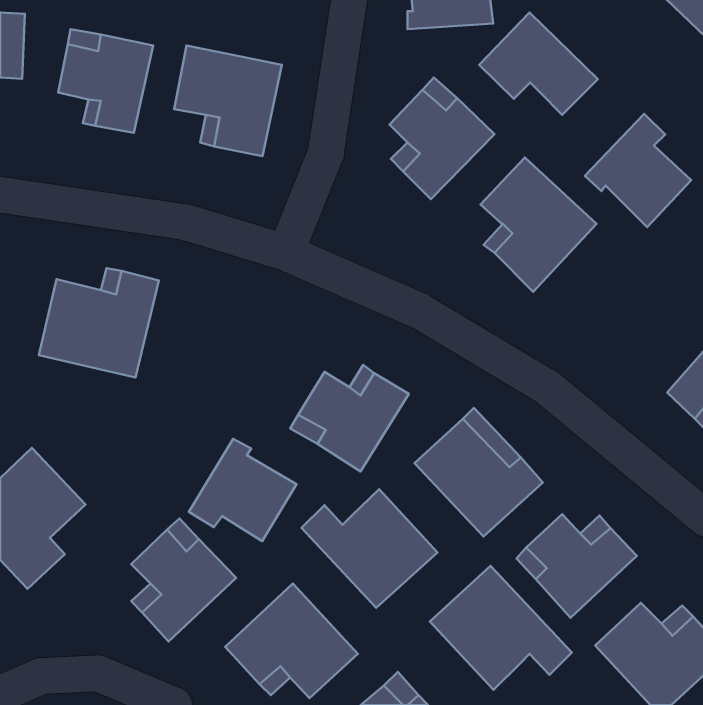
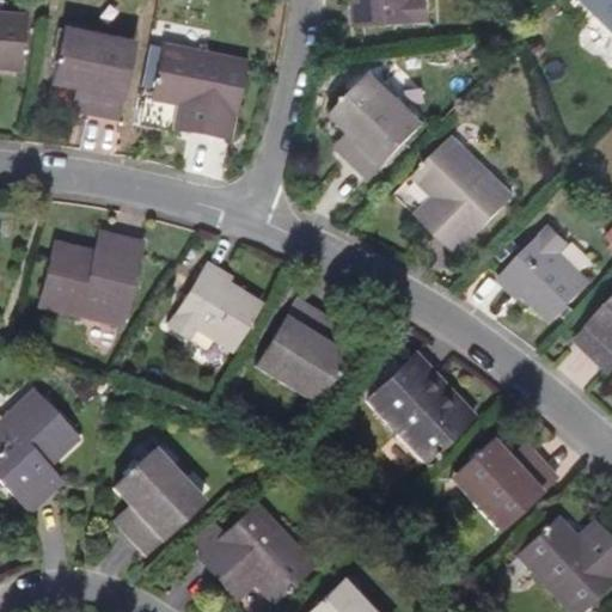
building: [479,12,598,115] -> none
building: [585,114,691,227] -> [503,224,595,322]
building: [189,439,297,541] -> [164,267,257,355]
building: [301,489,437,608] -> none
building: [430,566,572,690] -> none

